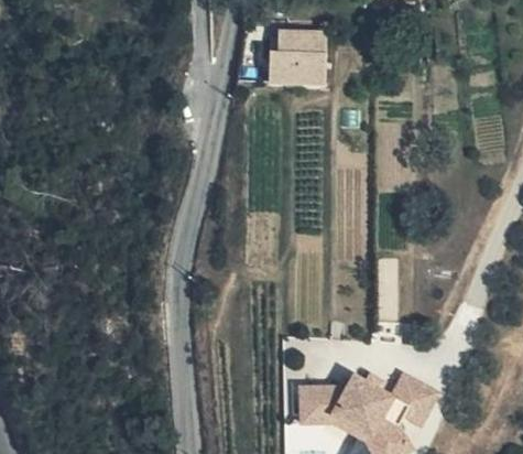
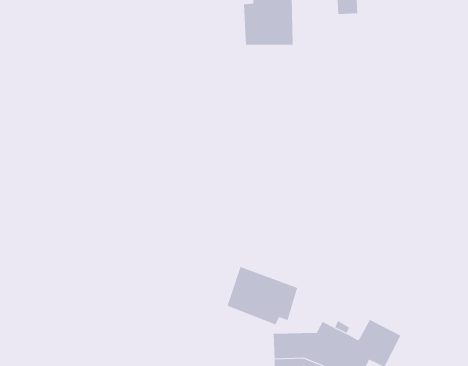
building: none -> [227,266,298,325]

